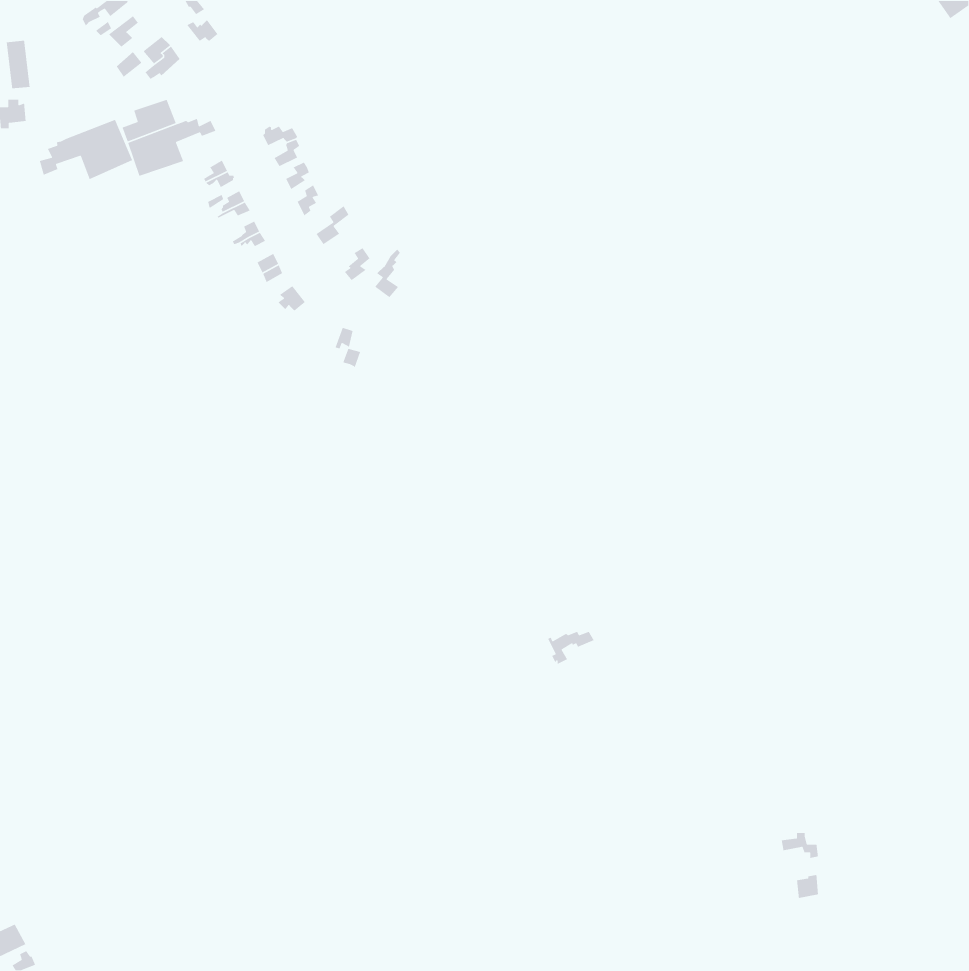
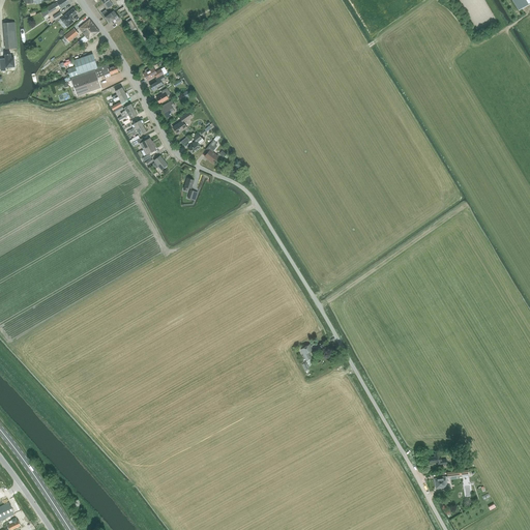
building: [39,119,133,180] -> none

